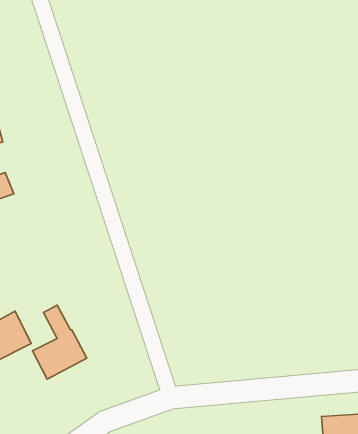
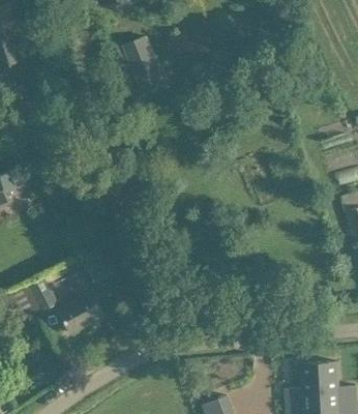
building: none -> [124,36,166,92]

